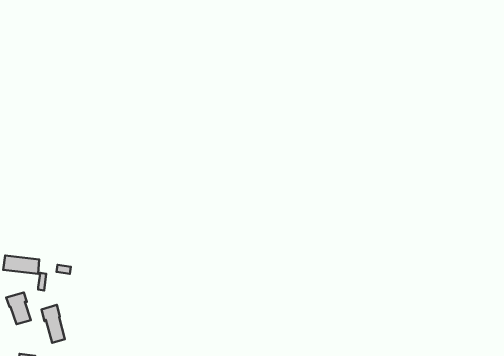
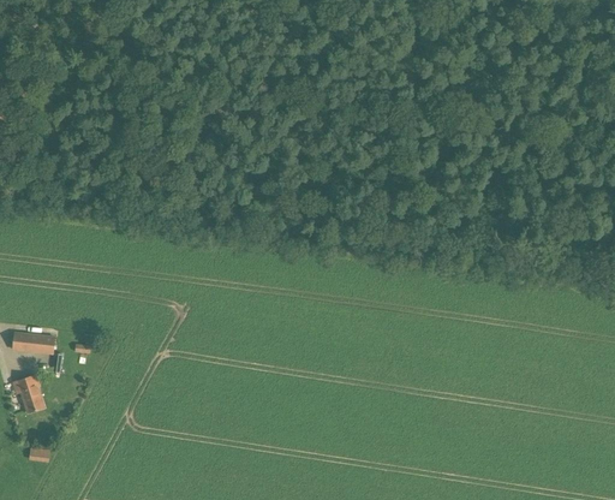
building: [41,305,65,343] -> none

